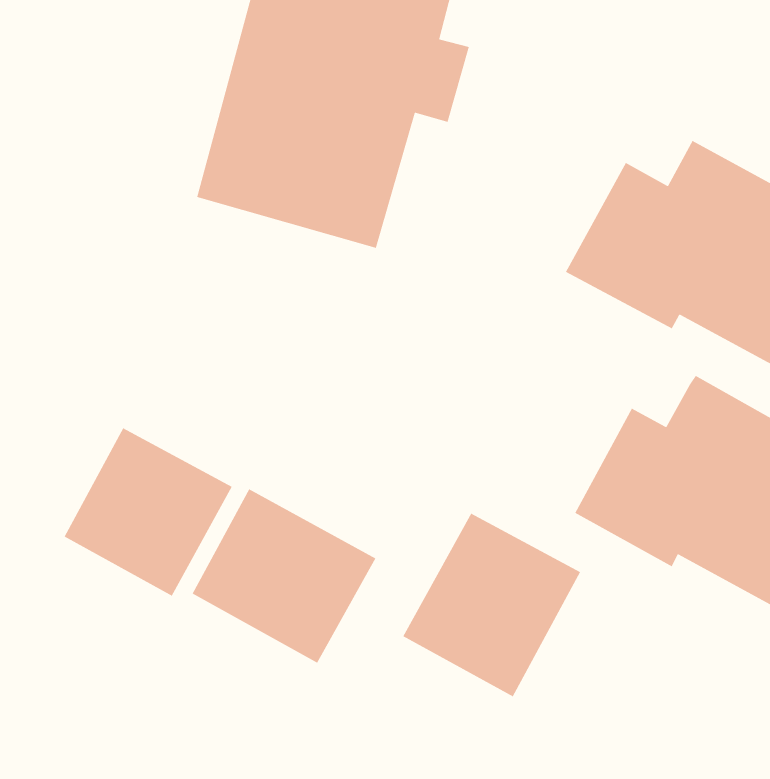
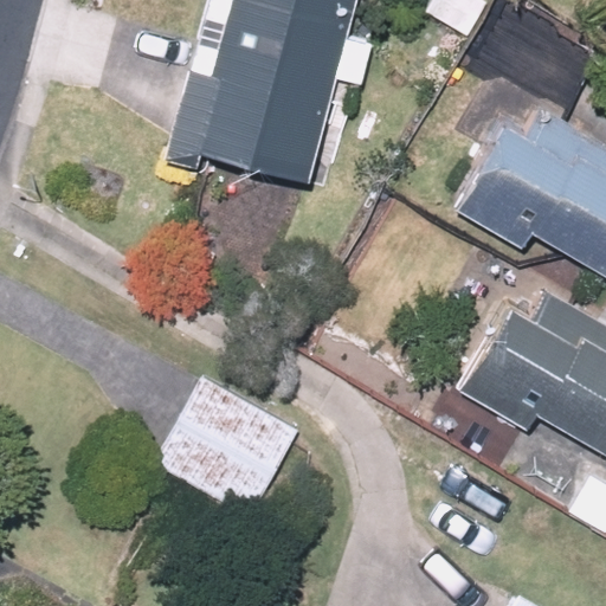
building: [64,427,233,597] -> none
building: [402,512,581,697] -> none

